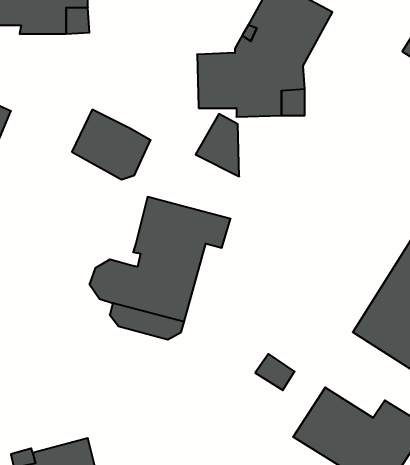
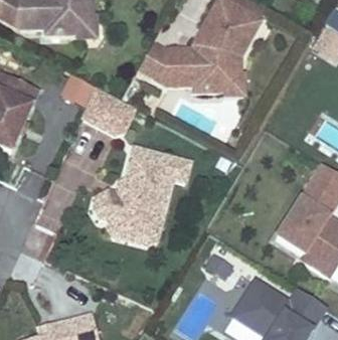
building: [196,114,239,176] -> [139,41,169,84]

